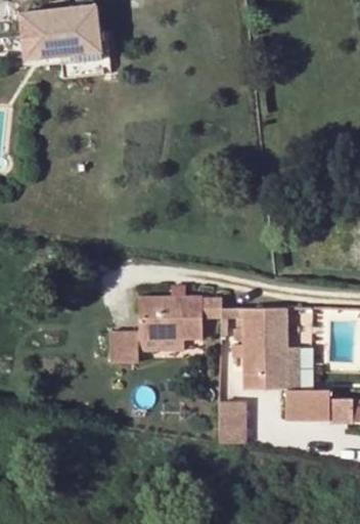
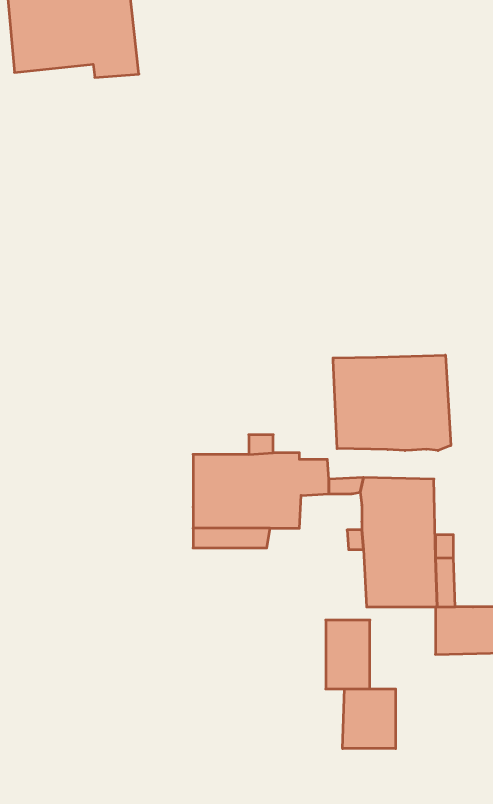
building: none -> [333,355,451,451]
building: [109,328,136,359] -> none
building: none -> [343,689,396,749]

